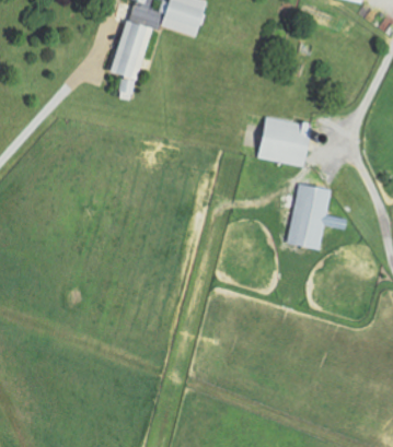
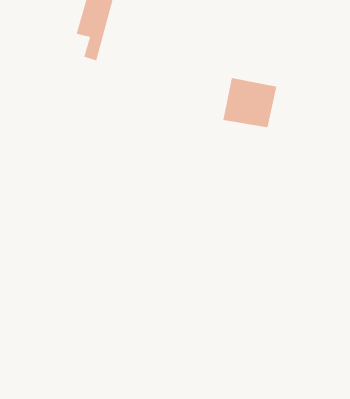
building: [287,183,332,249] -> none

